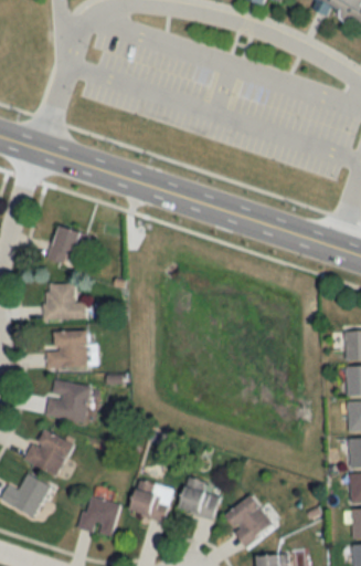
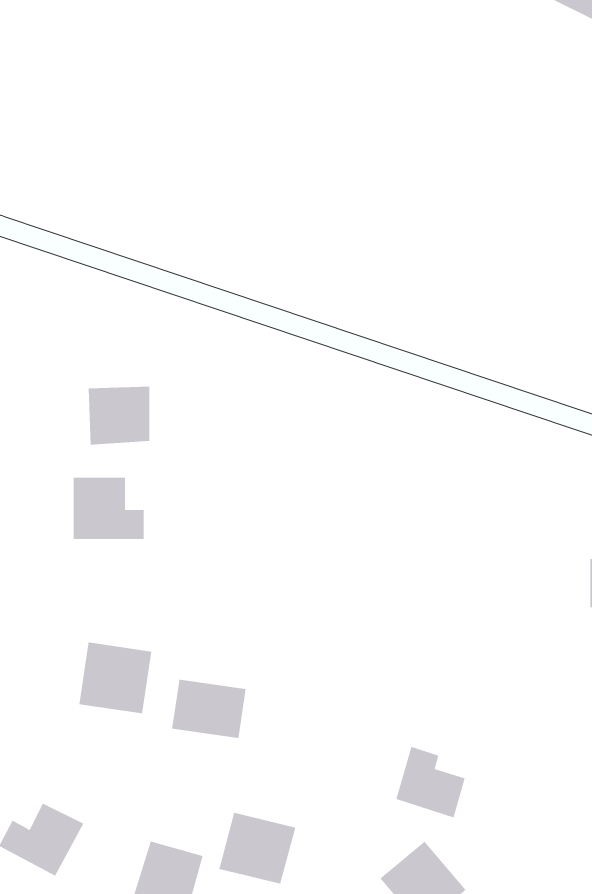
building: [45,331,87,367] -> none
building: none -> [172,679,246,739]
building: [24,428,73,475] -> none
building: [178,478,219,520] -> [396,746,466,818]

